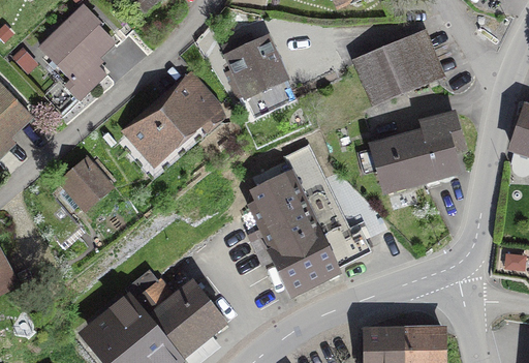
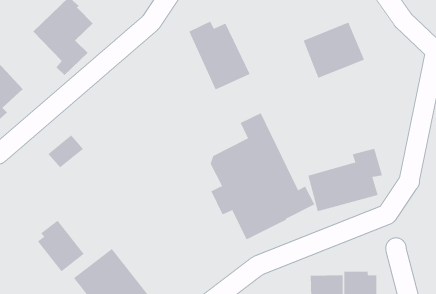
building: [129,79,213,158] -> none
building: [372,115,460,189] -> [307,148,383,212]
building: none -> [37,220,85,272]
building: [152,277,217,343] -> none

